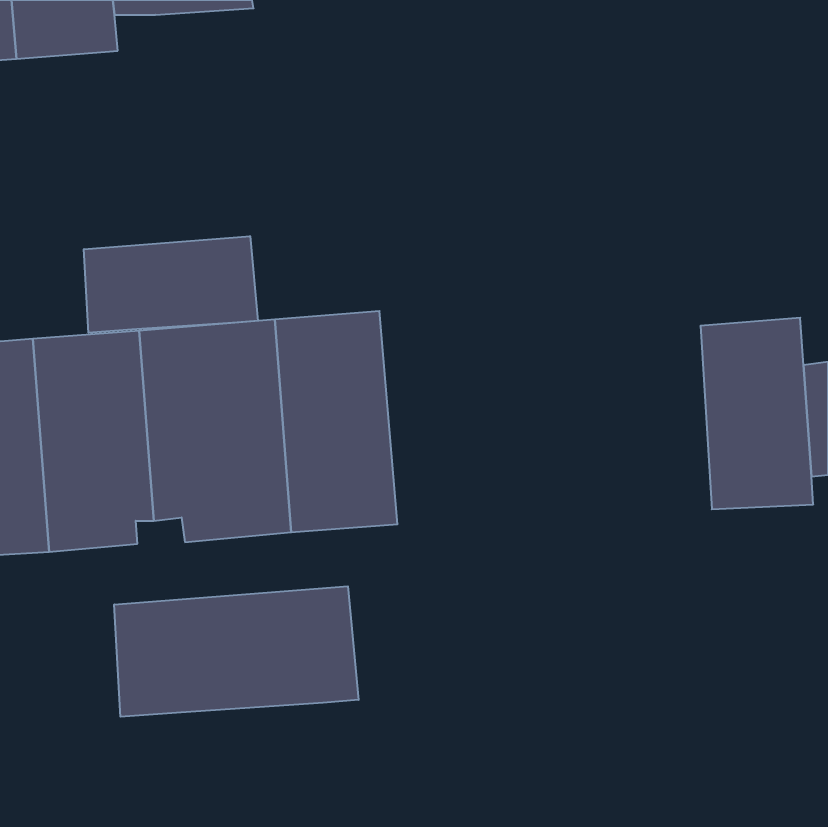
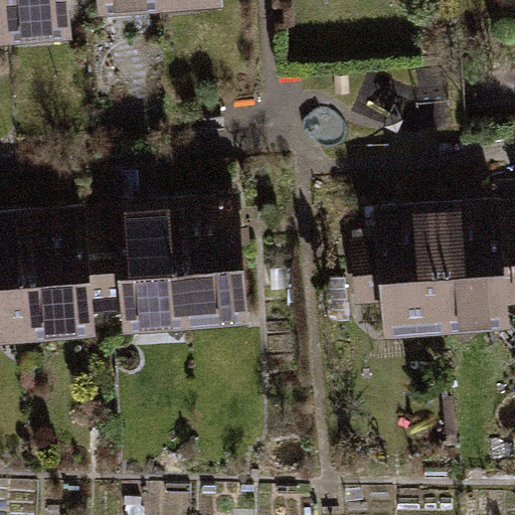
building: [84,236,258,333] -> none
building: none -> [352,206,438,322]
building: [114,586,359,717] -> none

